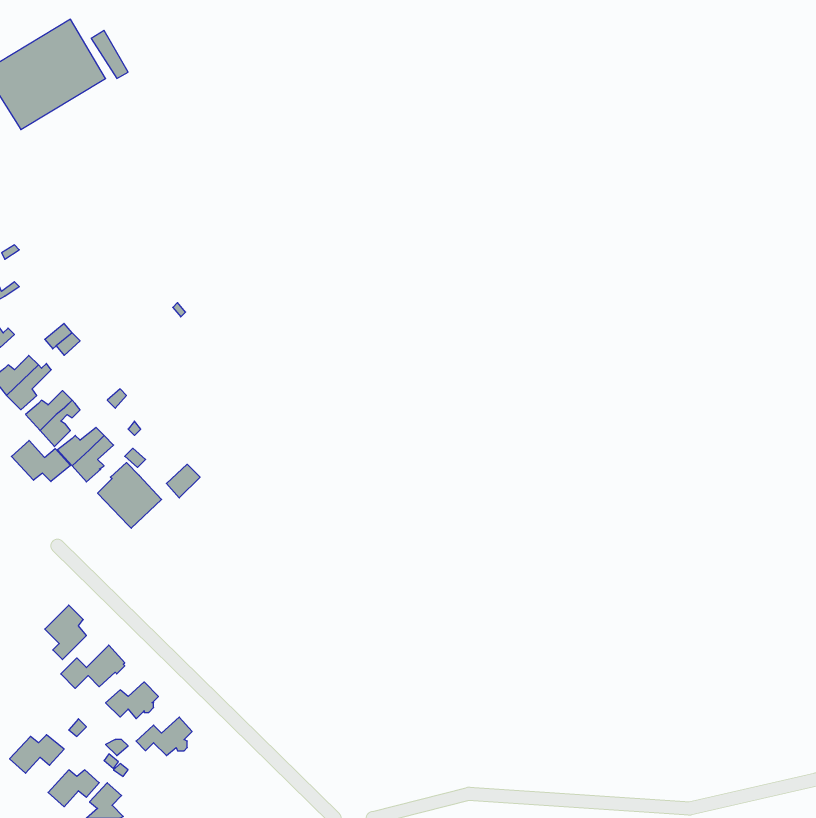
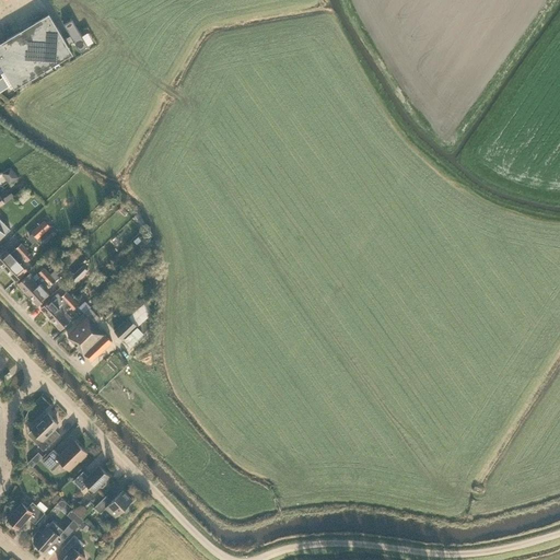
building: [11,440,70,482] -> none

